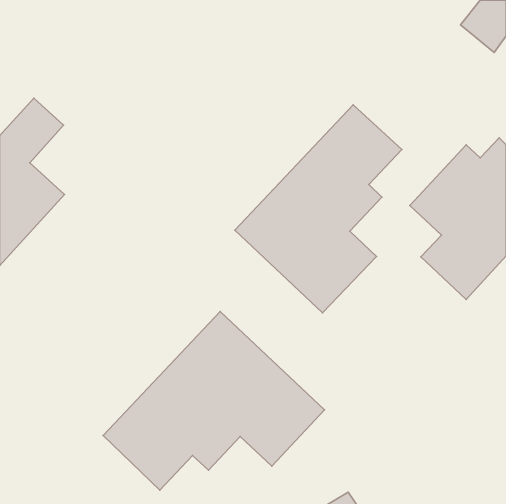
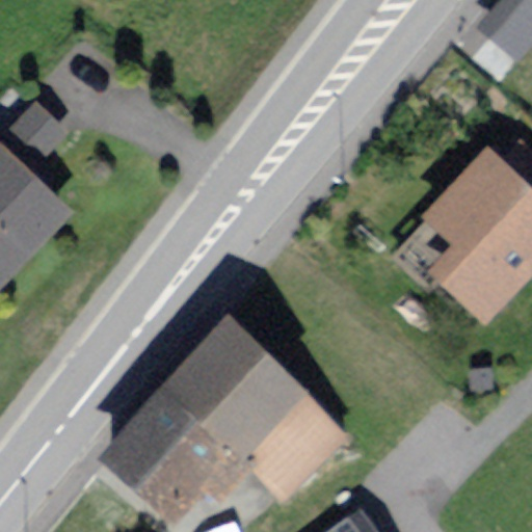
building: [235,105,402,313] -> none

